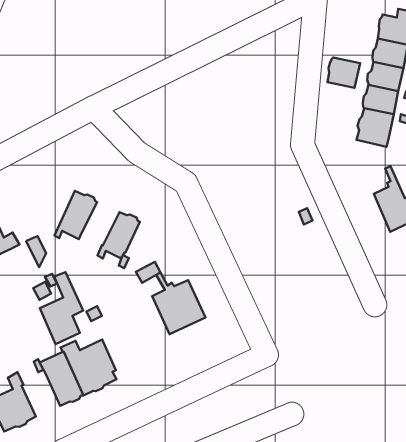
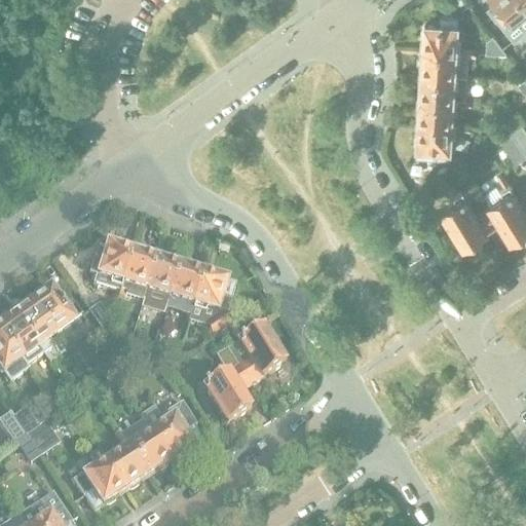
building: [328,58,360,88] -> none
building: none -> [90,238,134,296]
building: none -> [147,255,183,296]
building: none -> [195,269,237,311]
building: [40,272,83,344] -> [208,344,253,420]
building: none -> [107,441,150,486]

